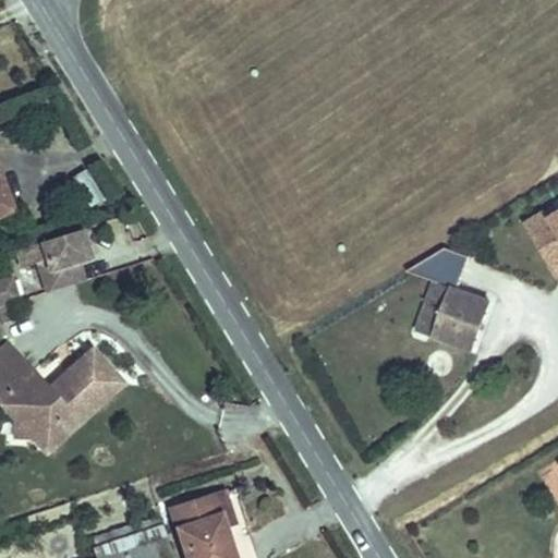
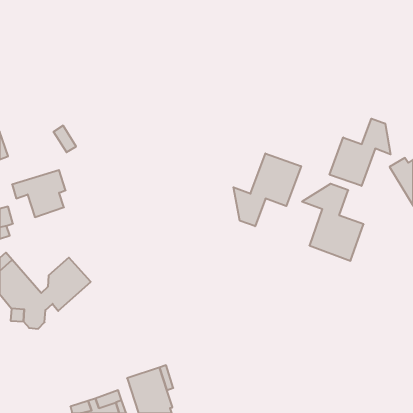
building: none -> [330,119,391,186]
building: none -> [233,153,301,226]

